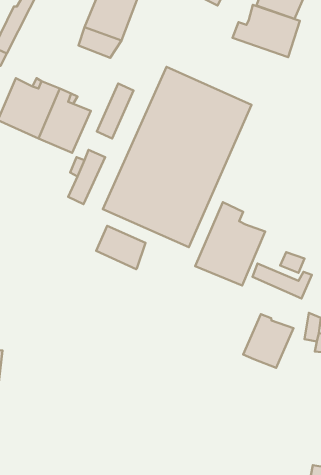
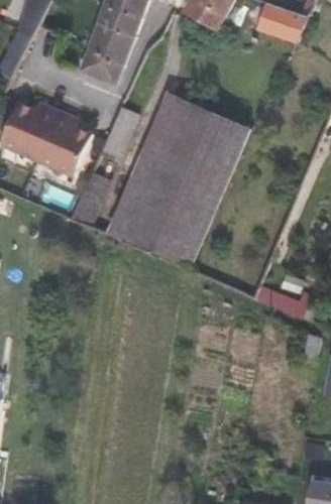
building: [232,5,300,57] -> none
building: [195,202,265,285] -> none
building: [96,226,146,269] -> none
building: [243,314,293,368] -> none

